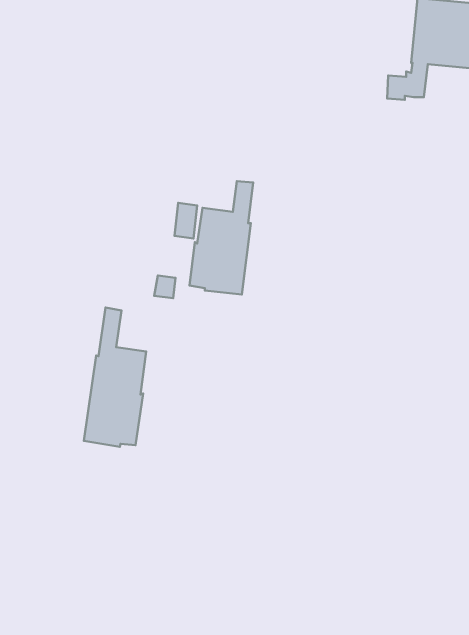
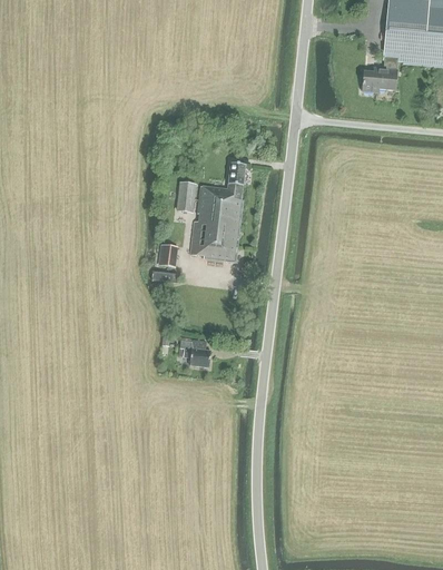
building: [84,307,146,447] -> none
building: none -> [179,340,210,366]

